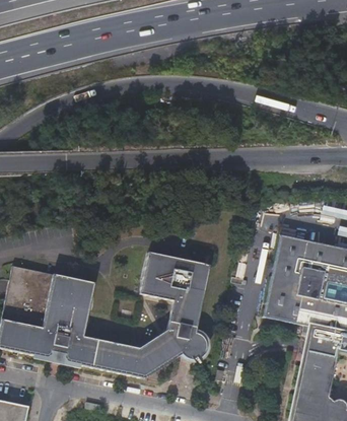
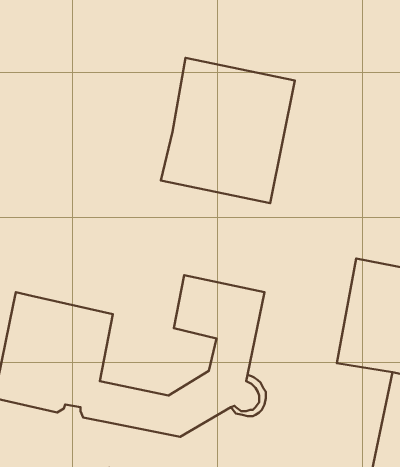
building: none -> [161,58,295,203]

